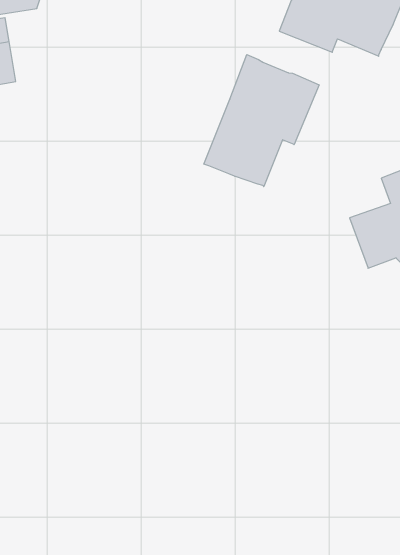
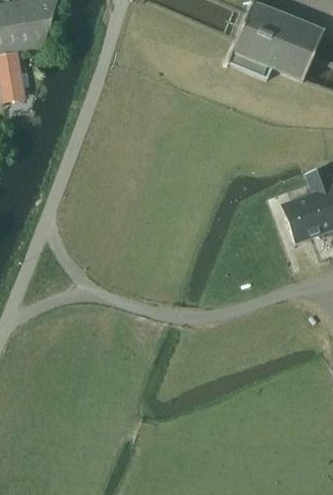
building: [204,55,319,187] -> none

